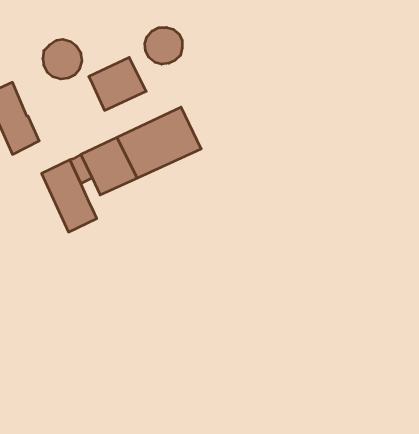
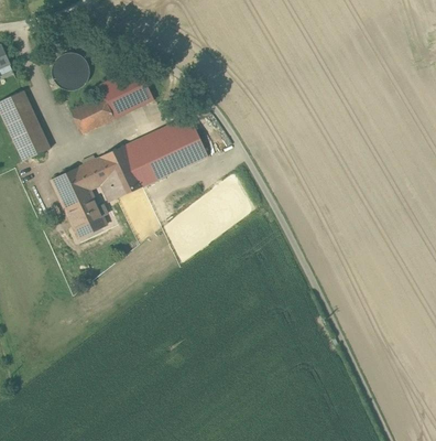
building: [145,27,182,64] -> none
building: none -> [70,93,115,135]

